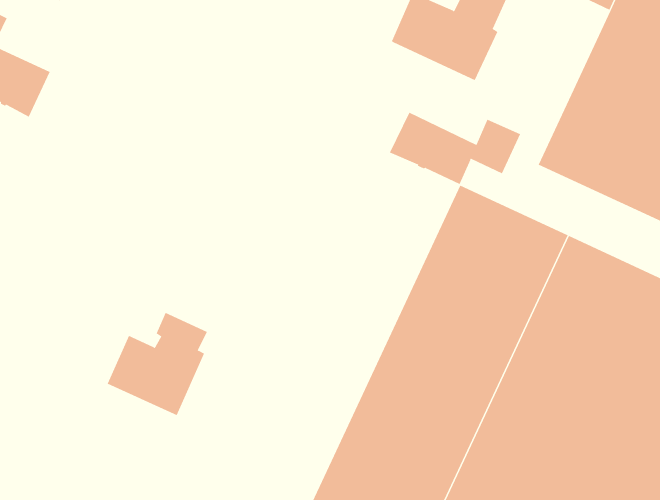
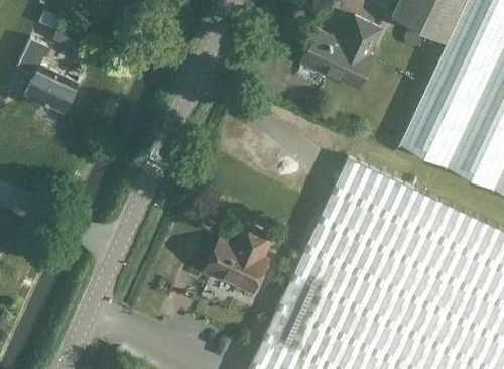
building: [389,112,521,185] -> none
building: [107,312,208,416] -> [206,225,272,293]

